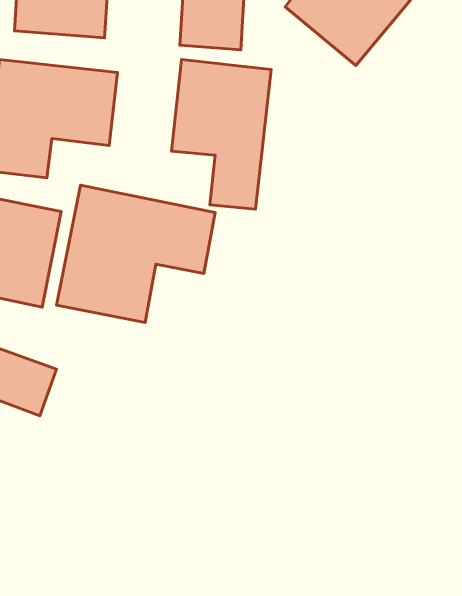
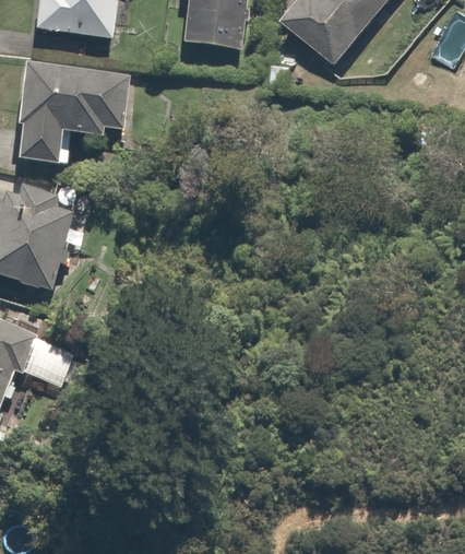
building: [171,59,271,209] -> none
building: [56,185,215,323] -> none

